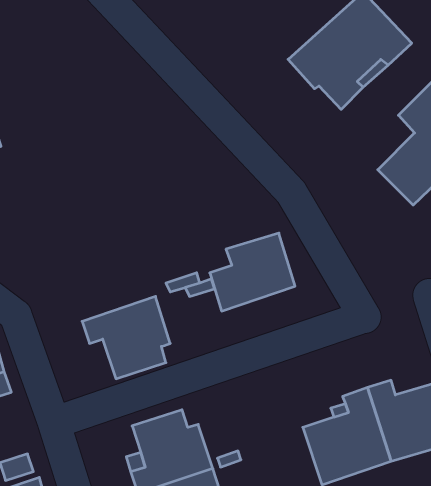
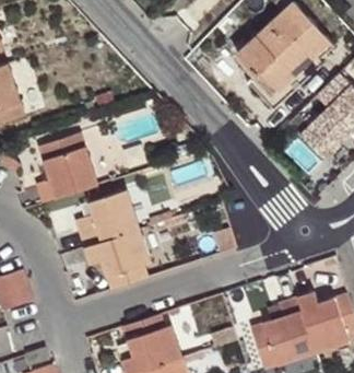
building: none -> [36,132,98,205]
building: [210,233,295,311] -> [76,190,140,248]

